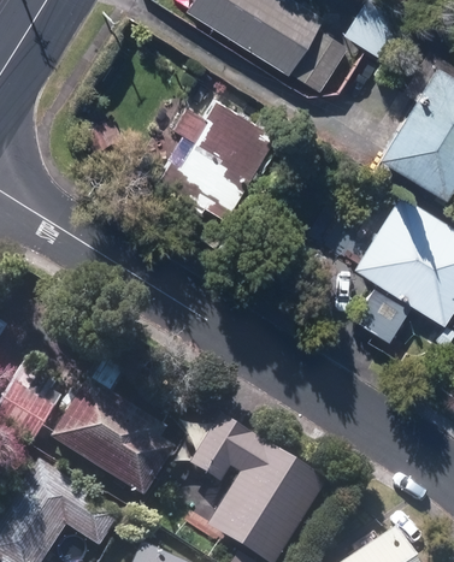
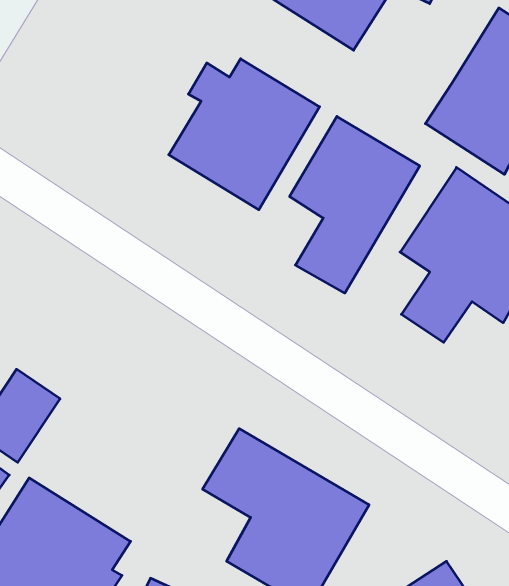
building: none -> [290,116,420,293]
building: [52,380,181,497] -> none

